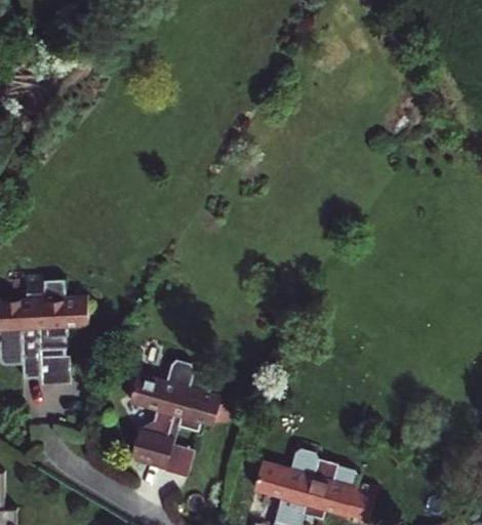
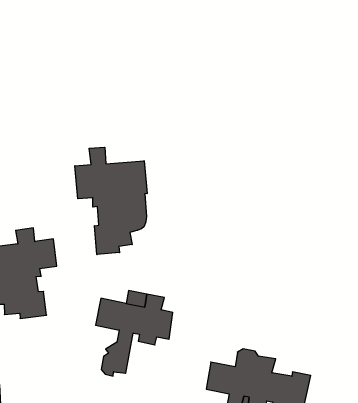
building: none -> [75,147,147,255]
building: [157,416,194,479] -> none

